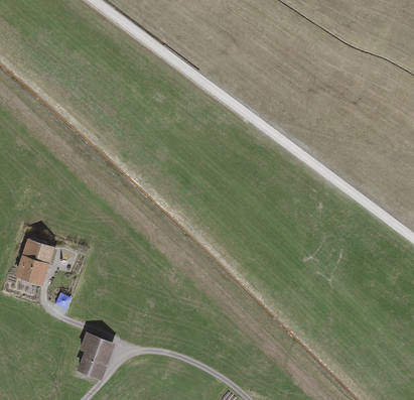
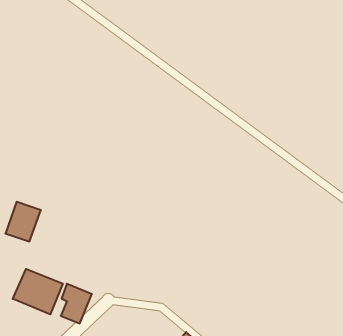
building: none -> [13,269,63,314]

